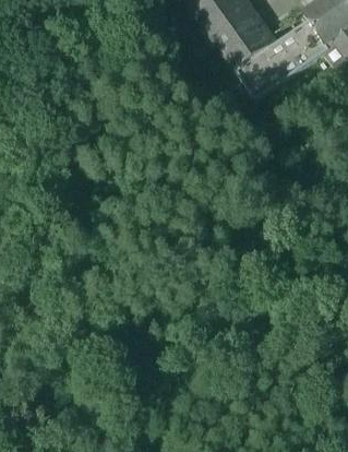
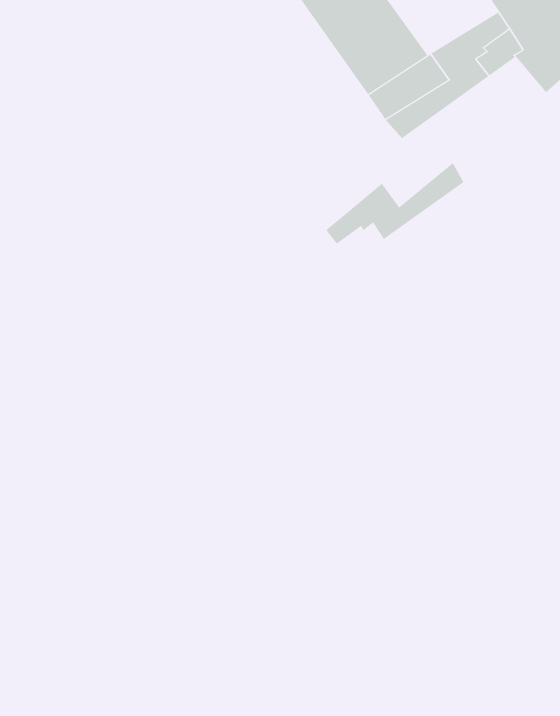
building: none -> [325,162,464,245]

